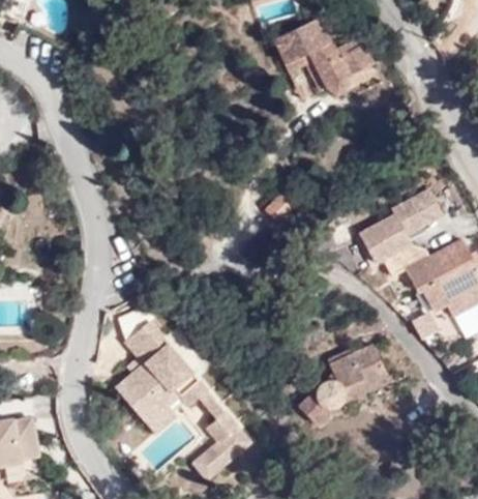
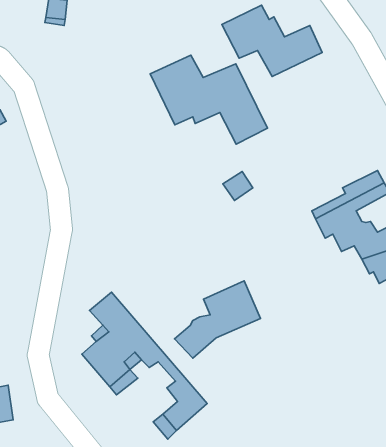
building: none -> [150,55,268,144]
building: [297,346,389,429] -> [175,281,261,358]

